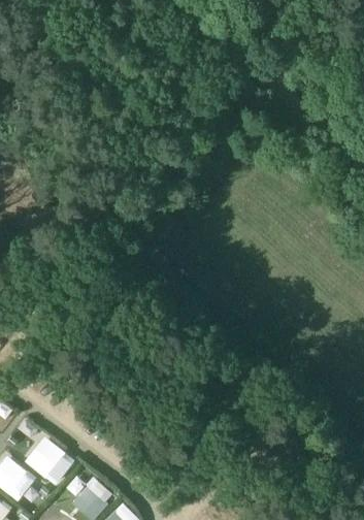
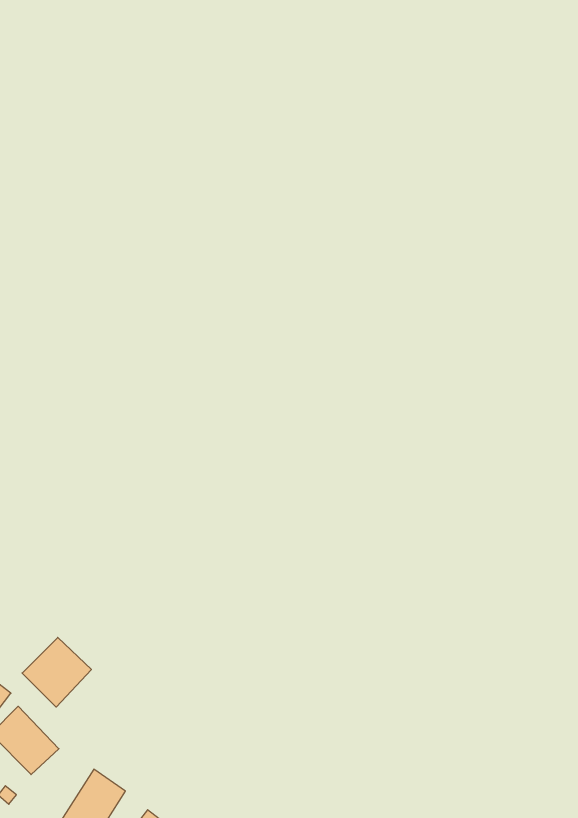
building: none -> [22,637,91,707]

